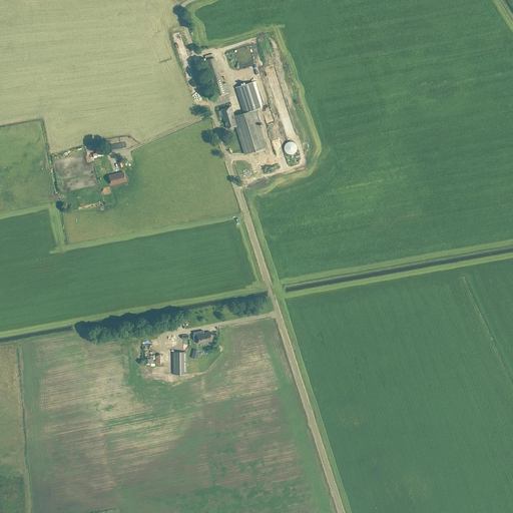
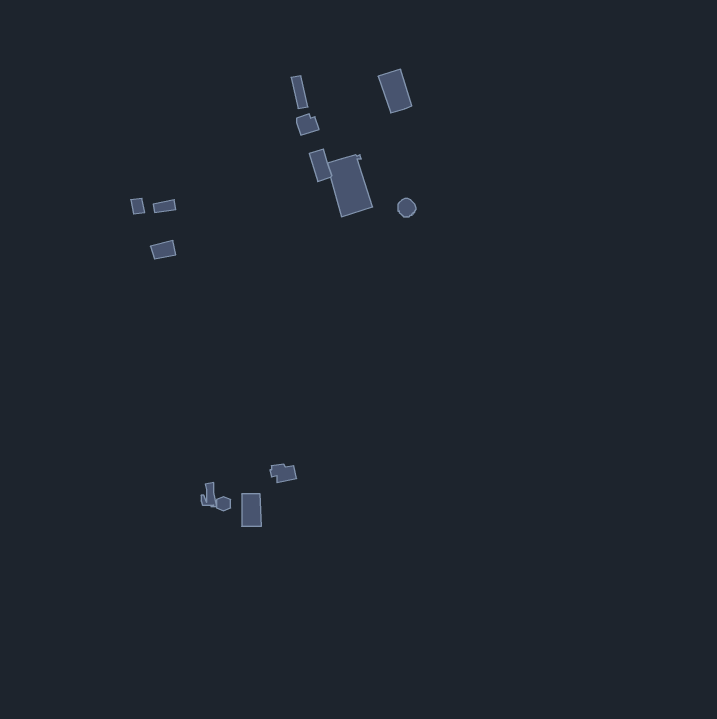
building: [234,82,259,113] -> [378,69,412,113]

